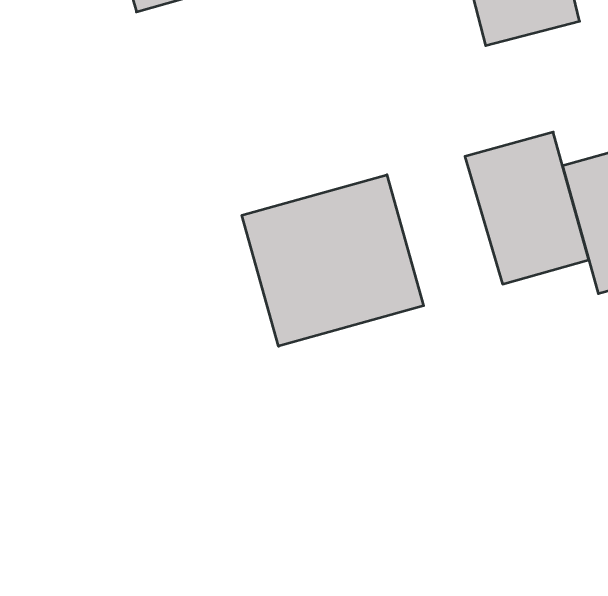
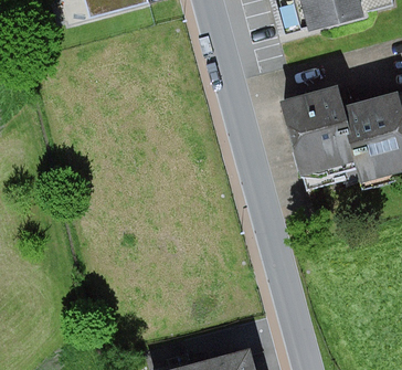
building: [242,175,424,346] -> none

